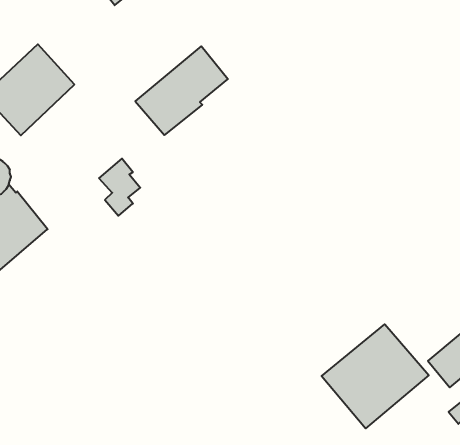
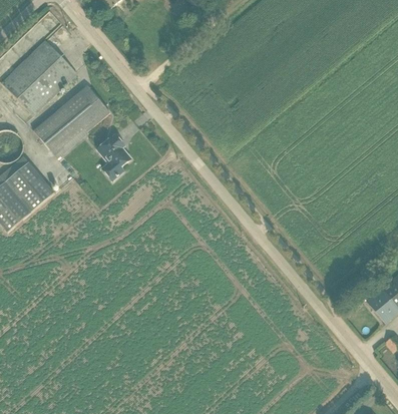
building: [135,46,228,135] -> [33,85,109,158]
building: [322,324,429,428] -> none

